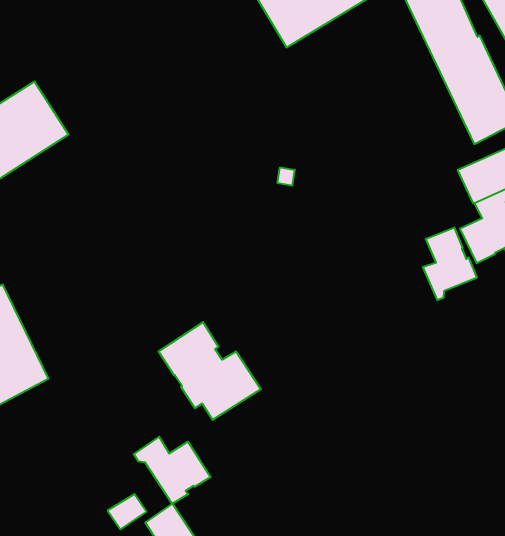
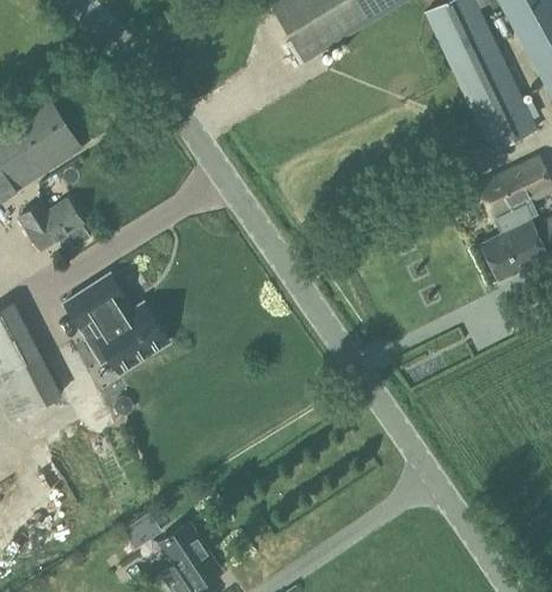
building: none -> [19,200,90,254]
building: [423,228,477,300] -> none
building: [158,322,261,420] -> [65,274,168,373]
building: [134,437,211,504] -> none

